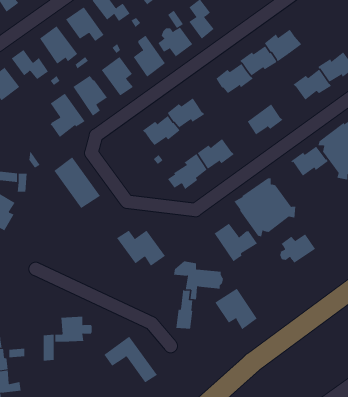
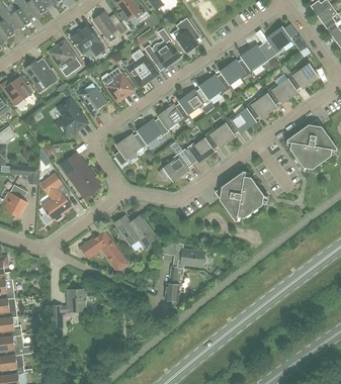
building: none -> [262,24,295,57]
building: none -> [177,88,209,114]
building: none -> [202,120,235,149]
building: none -> [112,132,148,165]
building: [291,146,328,177] -> [244,93,276,119]
building: none -> [40,174,71,219]
building: [214,223,258,262] -> none
building: [279,233,316,264] -> none
building: [215,288,257,330] -> none
building: [104,336,158,383] -> [81,230,127,271]

